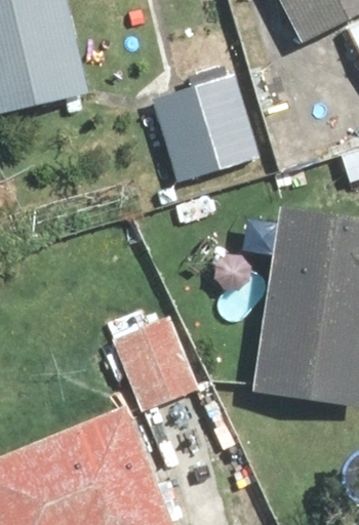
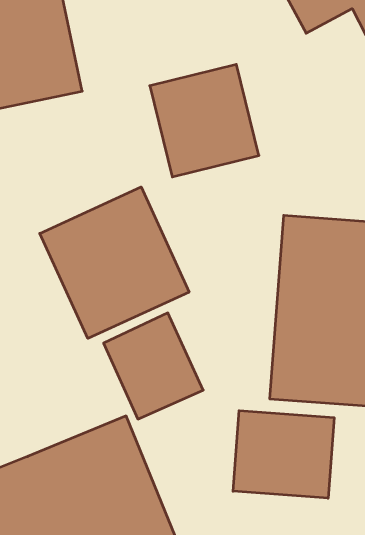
building: none -> [40,187,189,338]
building: none -> [233,411,334,498]

